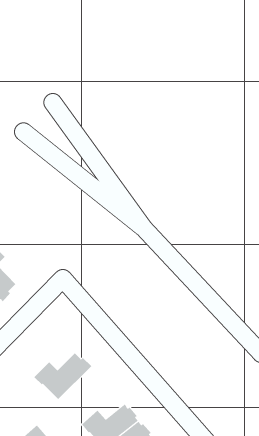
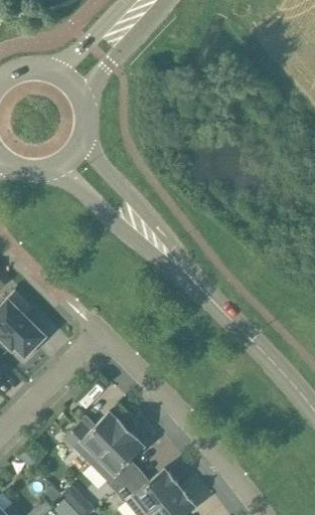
building: none -> [91,427,144,492]

